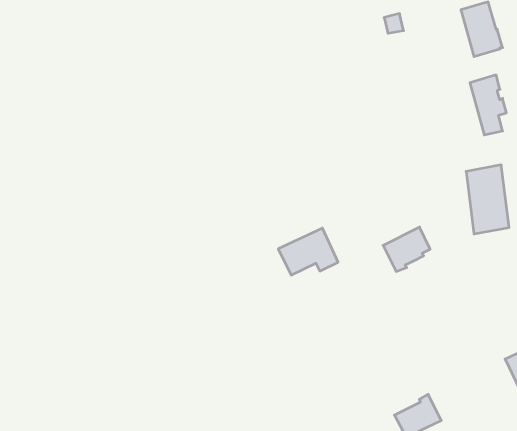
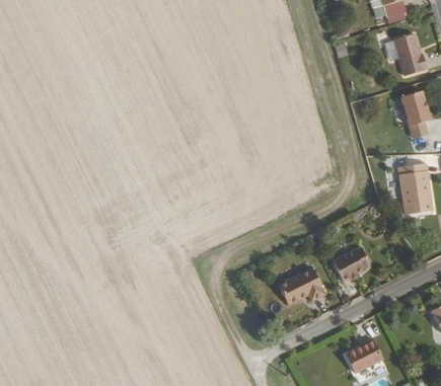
building: [383,227,430,271] -> [330,246,367,281]
building: [278,228,338,275] -> [276,266,322,303]

